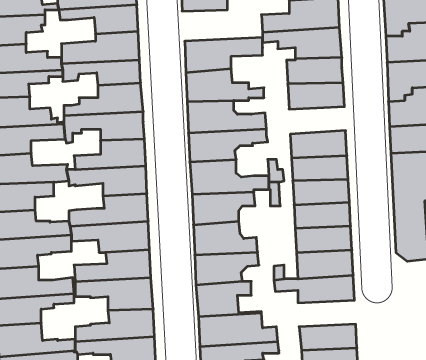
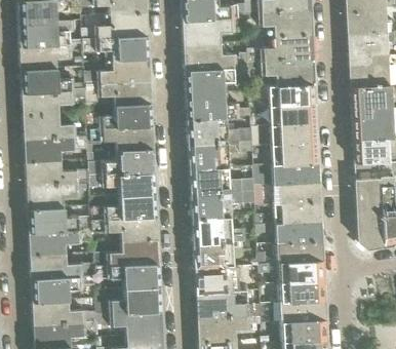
building: none -> [185,43,250,69]
building: none -> [272,122,318,145]
building: none -> [263,280,326,302]

